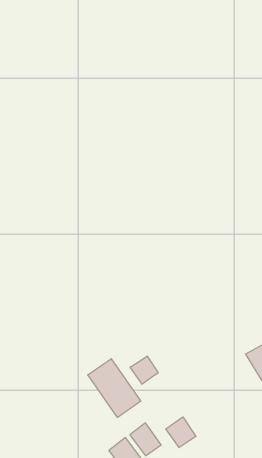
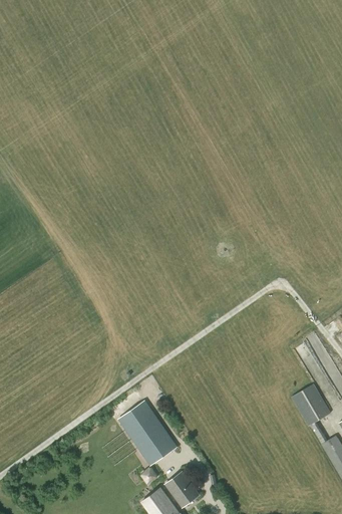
building: [130,356,158,384] -> none
building: [166,417,196,448] -> none

